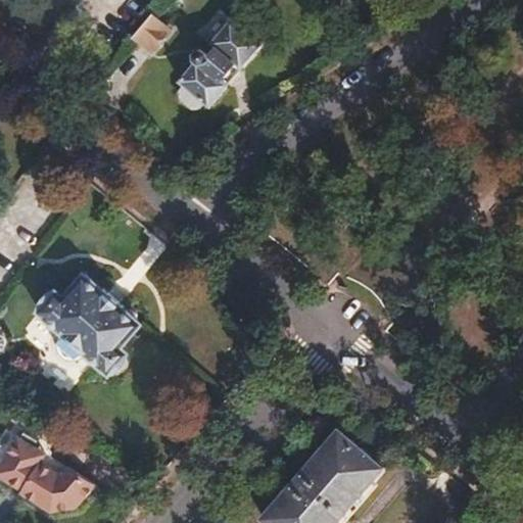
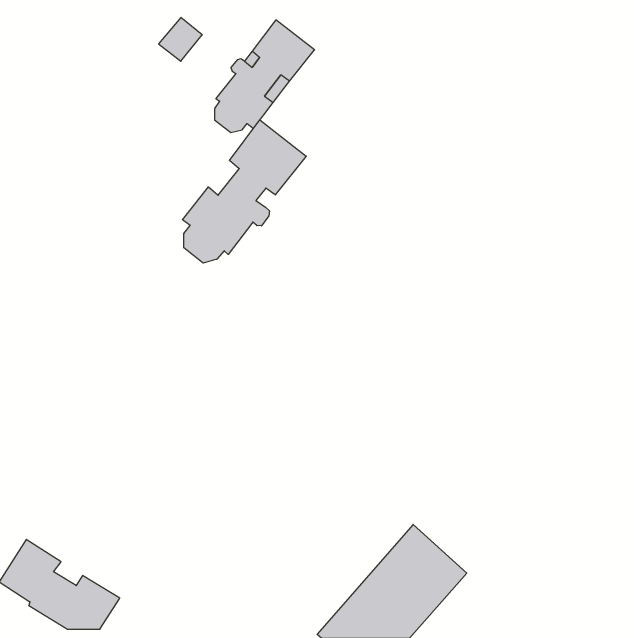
building: none -> [182,120,306,263]
building: [32,271,134,370] -> none

